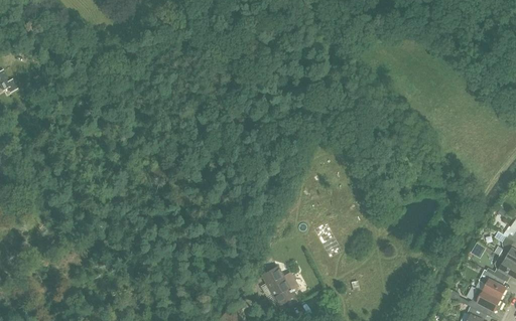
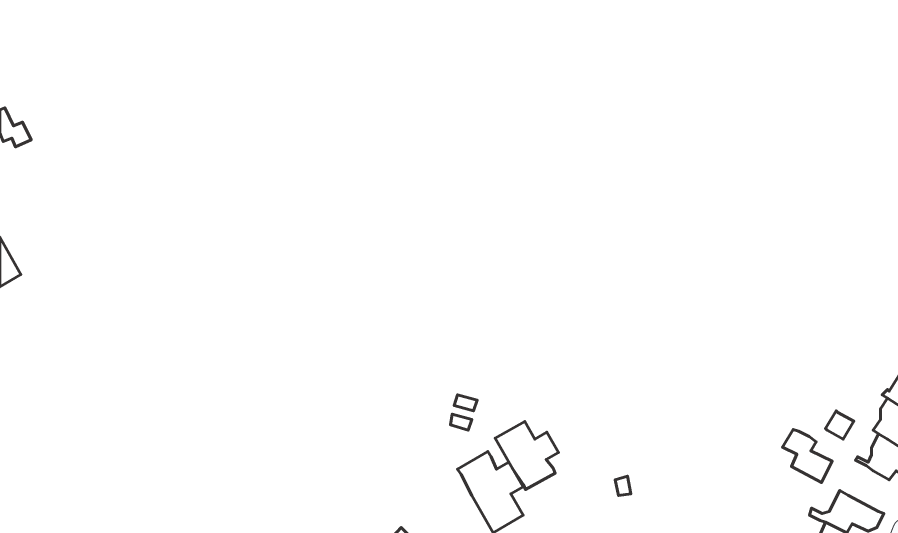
building: none -> [495,422,558,490]
building: [479,269,507,299] -> [783,429,832,483]

